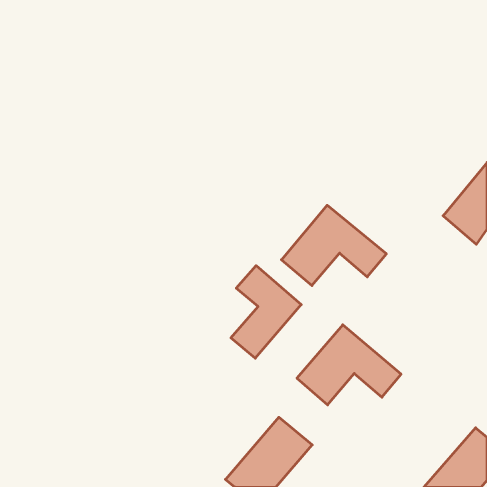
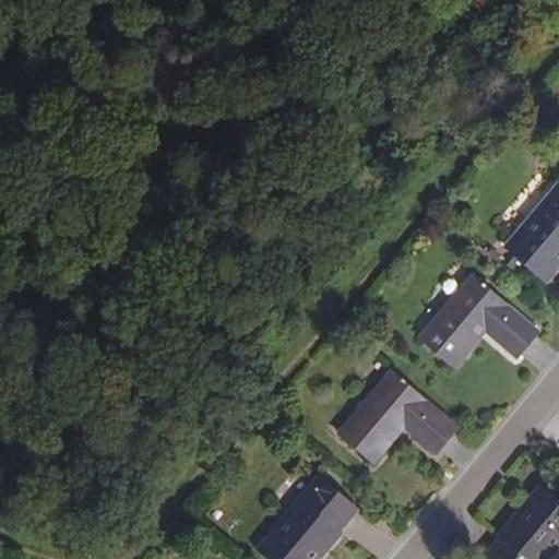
building: [281,205,386,286] -> [419,275,539,367]
building: [231,266,301,358] -> none

